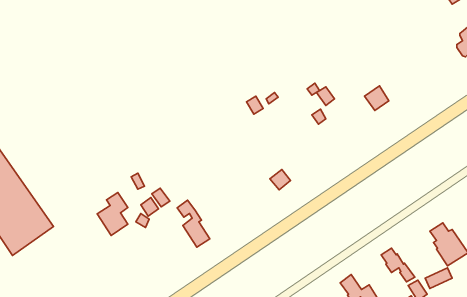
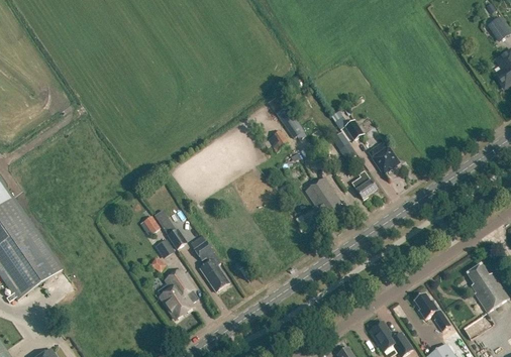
building: [365,86,389,110] -> [372,146,398,172]
building: none -> [350,170,377,200]
building: none -> [305,176,347,222]
building: [97,192,128,235] -> [160,272,193,319]

